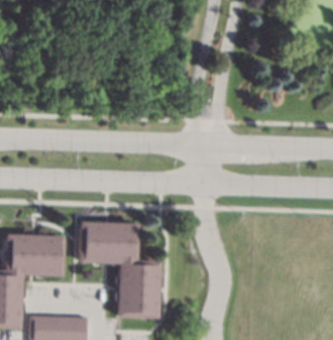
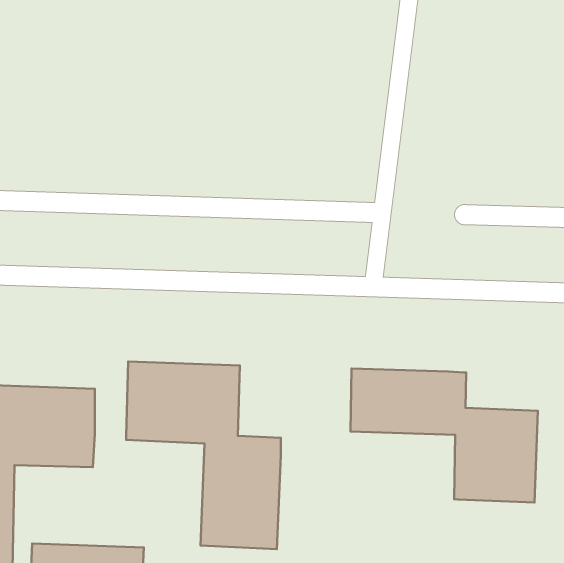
building: none -> [351,369,538,503]

